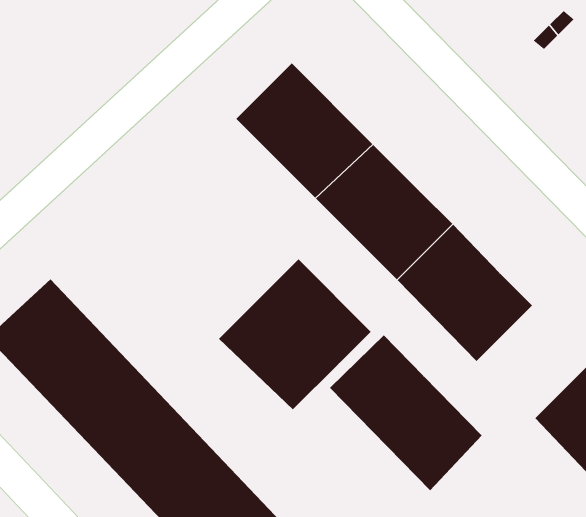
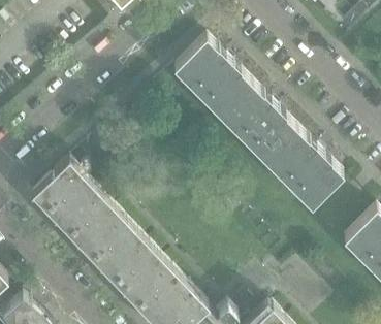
building: [218,259,371,410] -> none
building: [329,334,483,491] -> none

